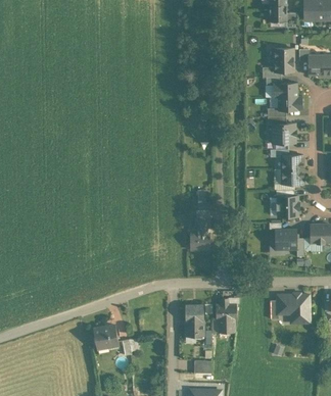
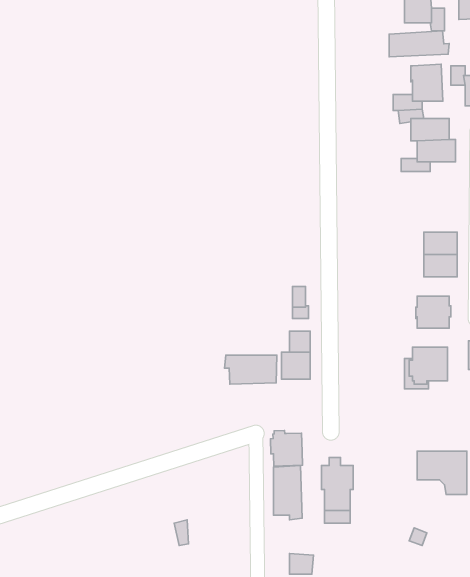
building: none -> [389,31,449,57]
building: [272,123,295,143] -> none
building: none -> [225,355,277,384]
building: none -> [271,431,303,466]
building: [93,326,119,348] -> none

